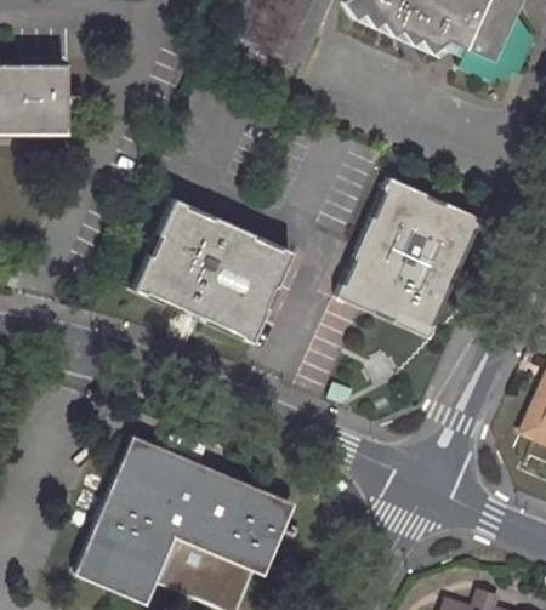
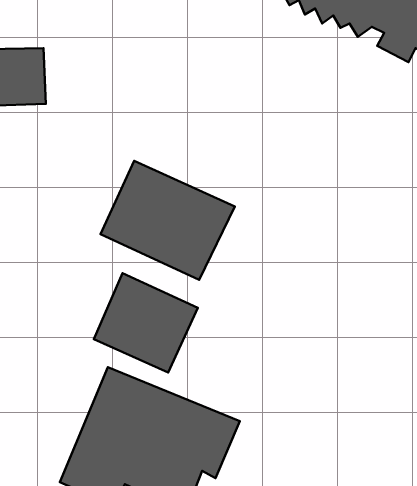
building: [332,175,479,333] -> none
building: none -> [94,273,198,373]

